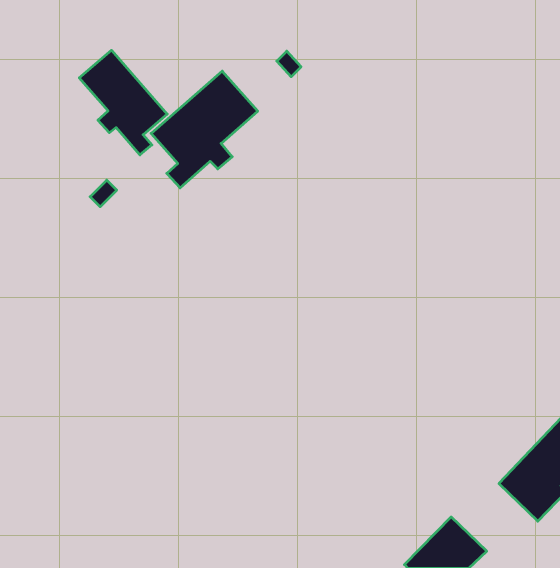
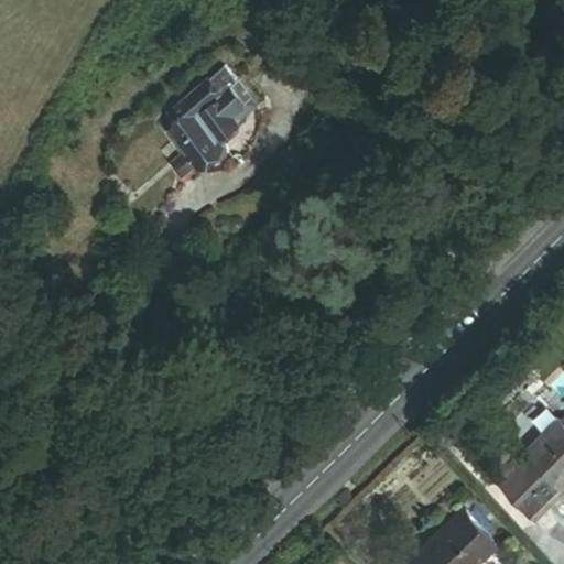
building: [79,50,167,155] -> none

